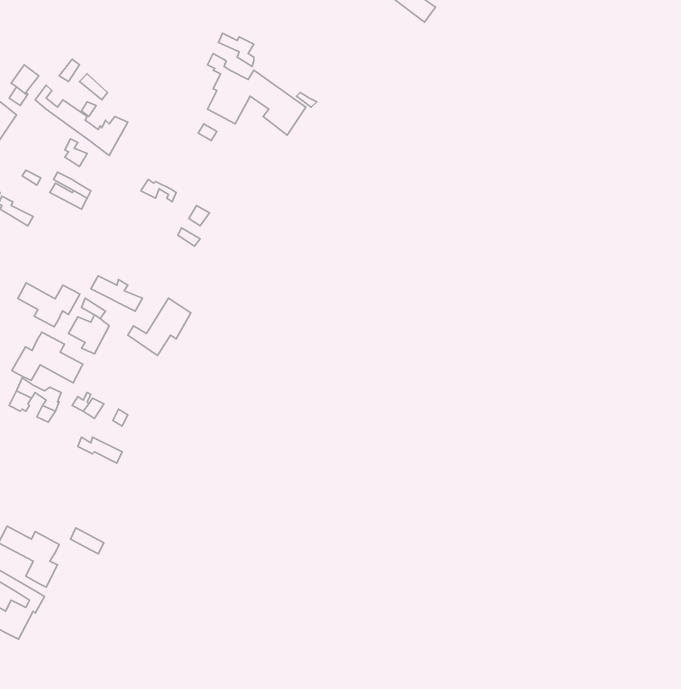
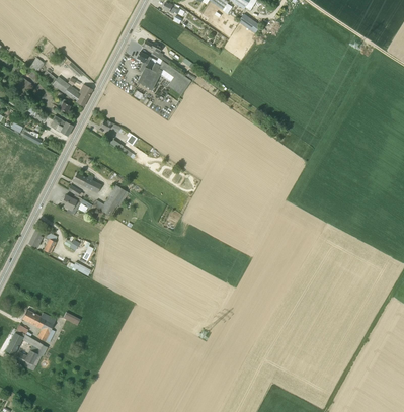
building: [18,283,80,327] -> none
building: [12,332,83,383] -> none

